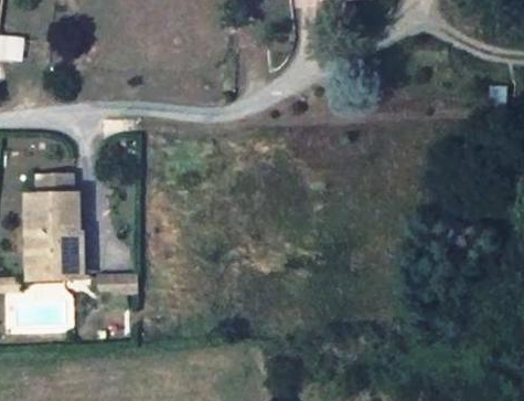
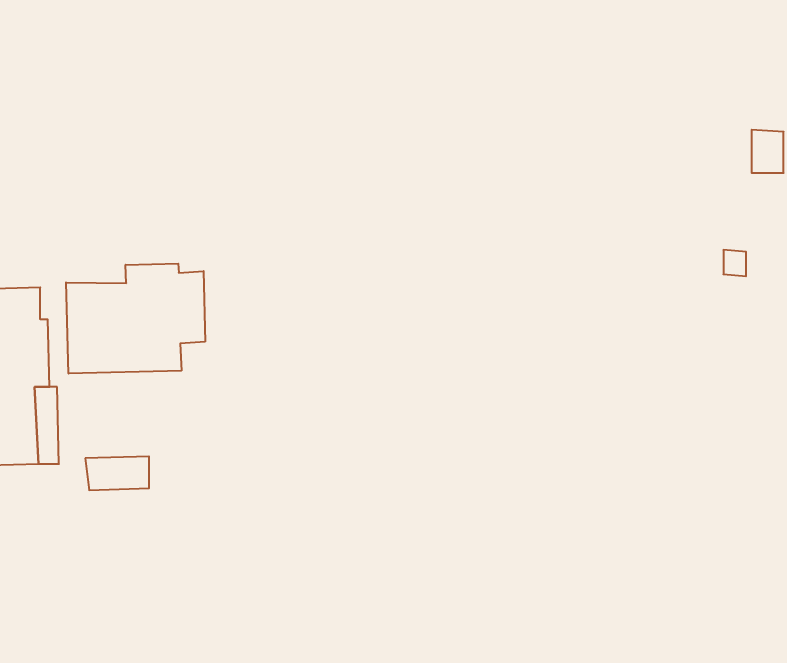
building: none -> [66,264,205,374]

